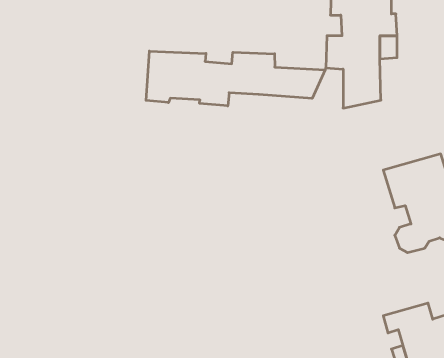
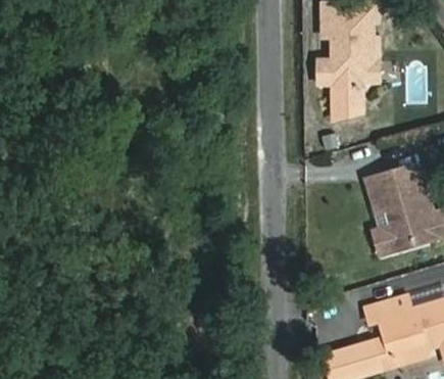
building: [146,51,325,106] -> none

